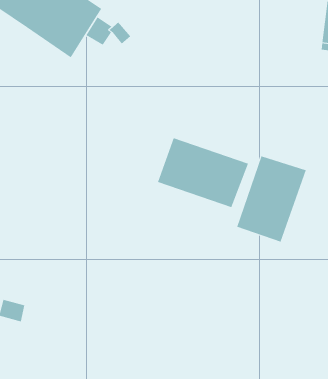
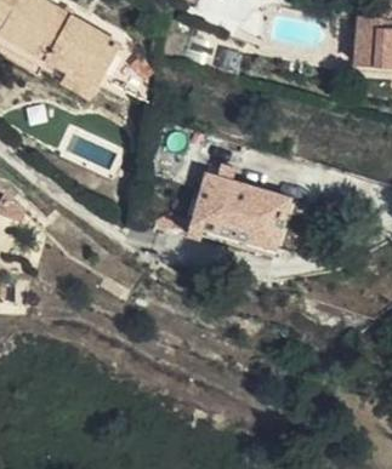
building: [236,155,306,242] -> none

